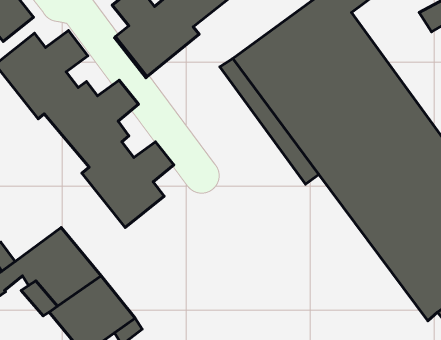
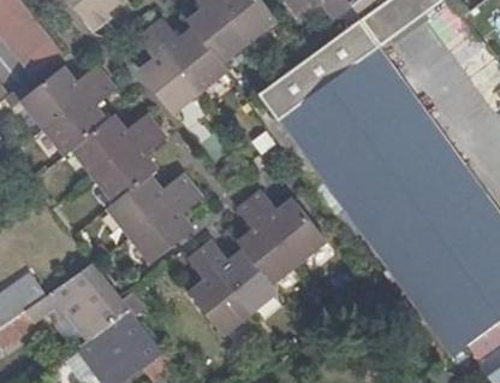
building: none -> [188,189,322,331]

